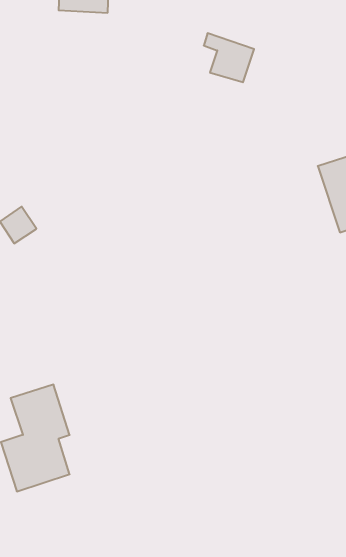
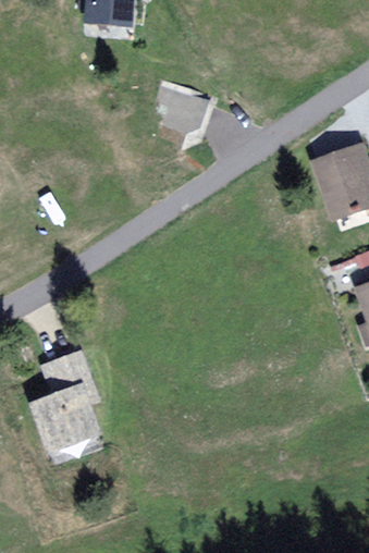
building: [204,33,254,82] -> [158,85,202,128]

